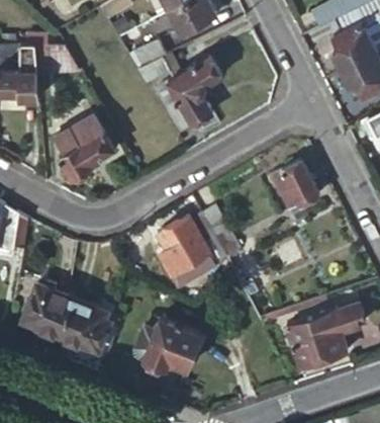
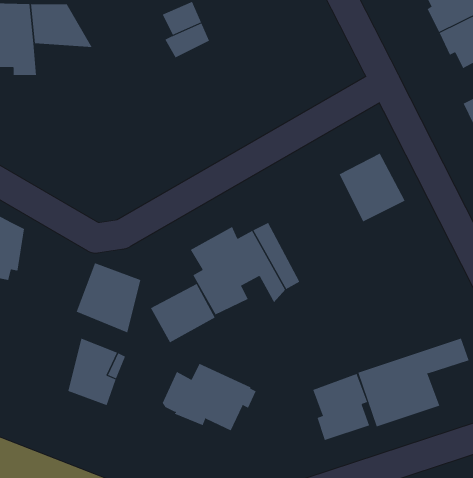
building: [158,59,223,133] -> none
building: [54,114,113,179] -> none
building: none -> [150,283,216,343]
building: [23,287,73,341] -> [76,263,141,333]
building: none -> [312,373,370,441]

